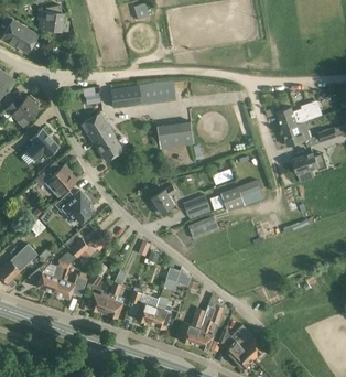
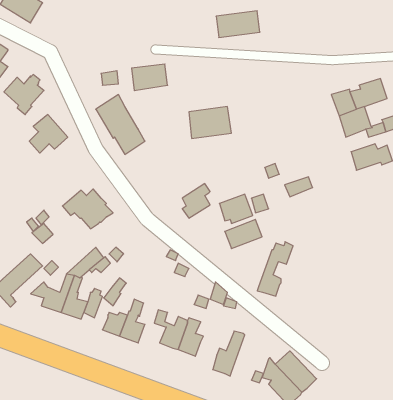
building: [139,82,175,104] -> [216,11,260,37]
building: [34,164,75,196] -> none
building: [193,304,223,349] -> [257,242,293,296]

